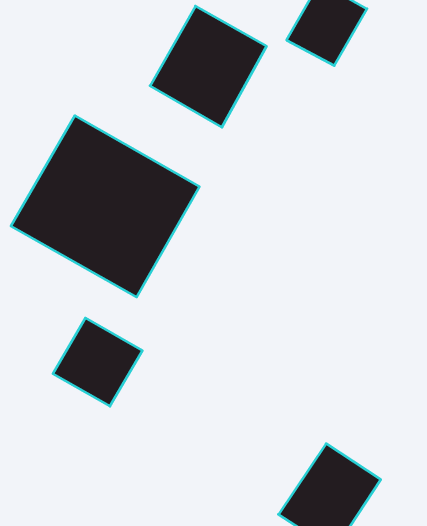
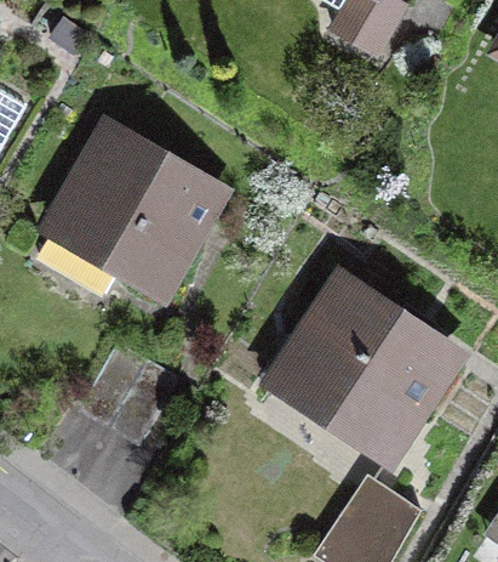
building: [150,6,266,127] -> none
building: none -> [276,271,454,454]

